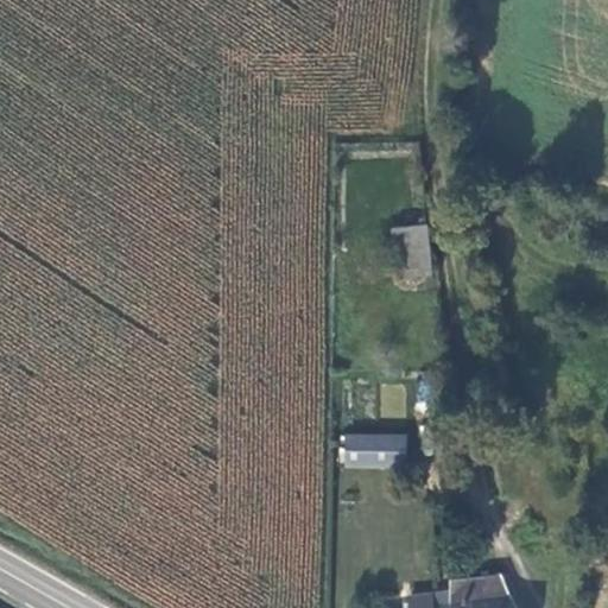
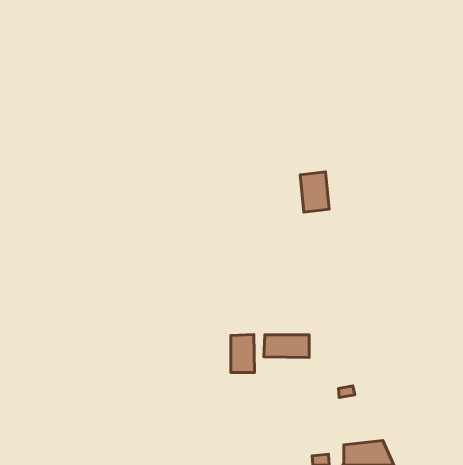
building: none -> [231,335,255,372]

